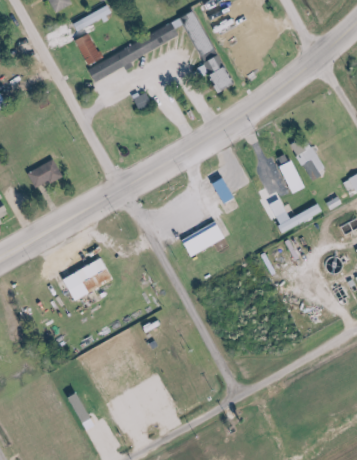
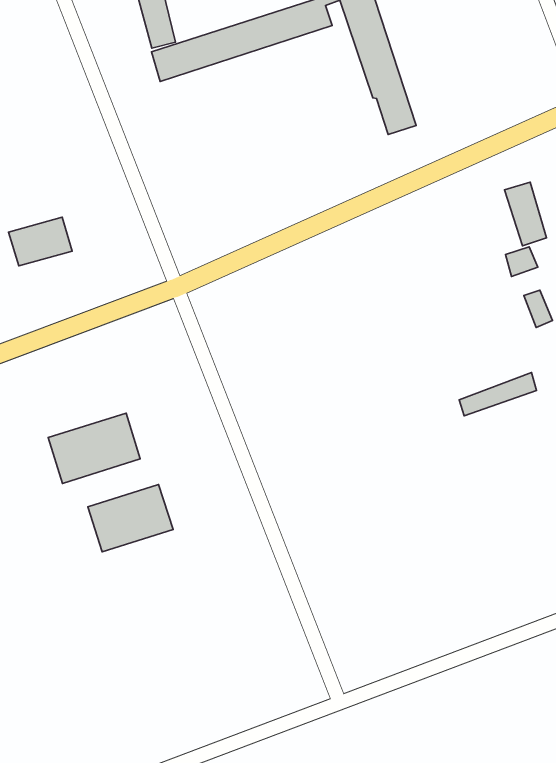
building: [278,160,304,194] -> [504,182,547,246]
building: [181,221,225,257] -> none
building: none -> [88,485,173,552]

